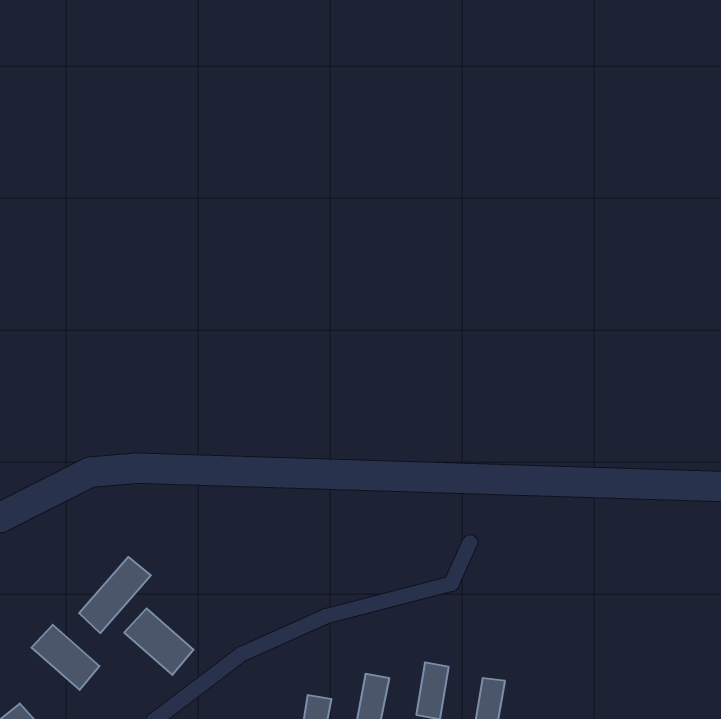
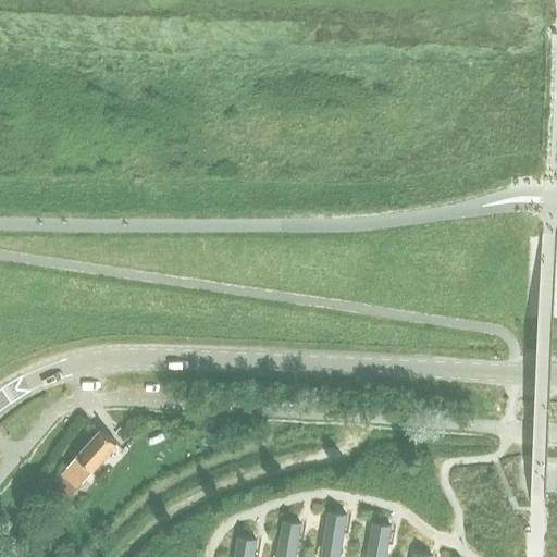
building: [124,608,194,675] -> none
building: [31,625,100,690] -> none

